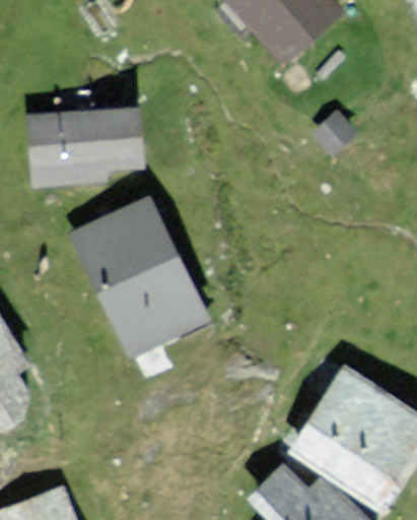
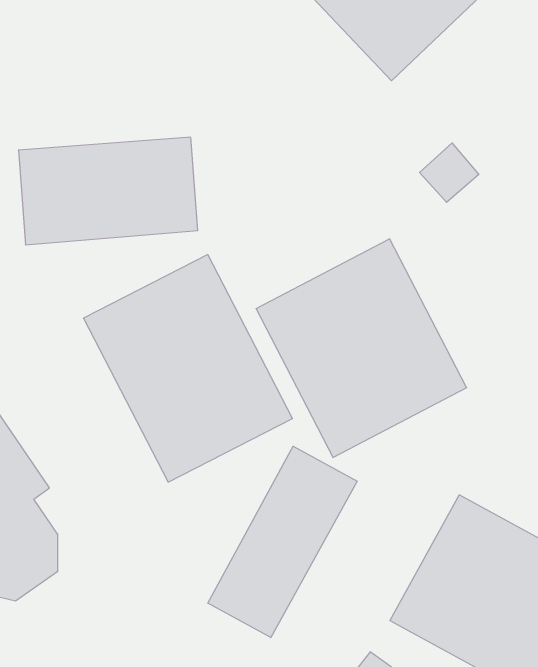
building: none -> [256,239,467,458]
building: none -> [208,446,357,638]

